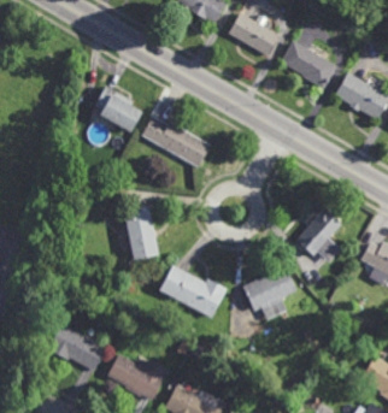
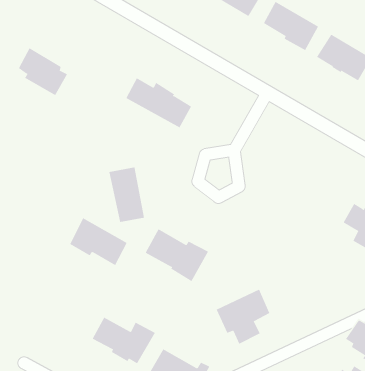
building: [95,83,145,131] -> [18,47,68,96]
building: [293,207,342,262] -> none
building: [241,266,295,321] -> [216,289,270,345]
building: [49,323,107,371] -> [70,217,128,266]

